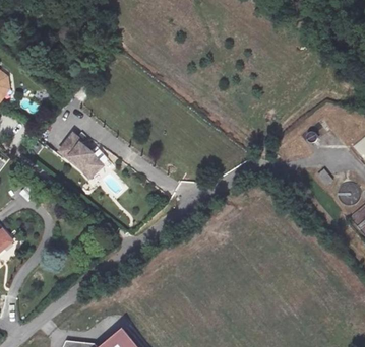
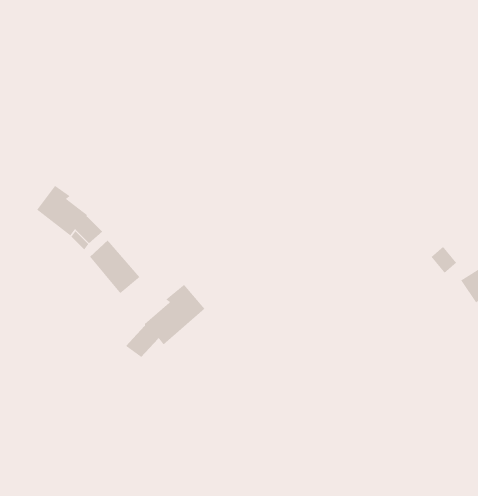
building: none -> [125,284,205,358]

